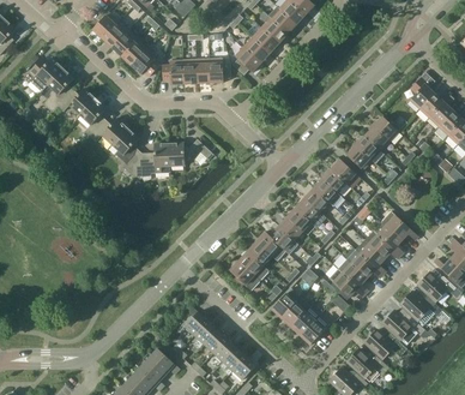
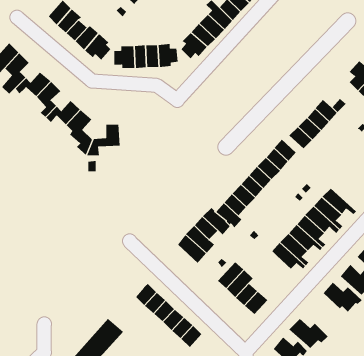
building: [168,142,211,167] -> none
building: [364,330,406,359] -> none

